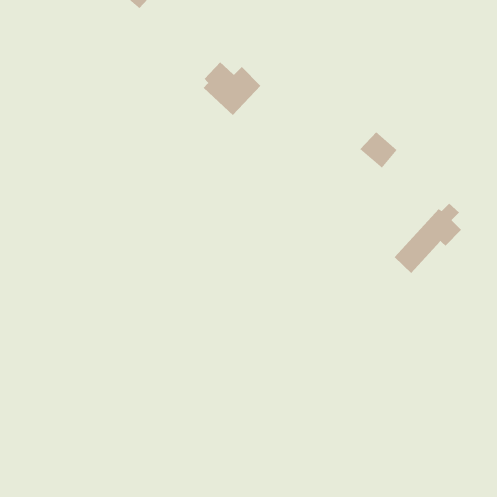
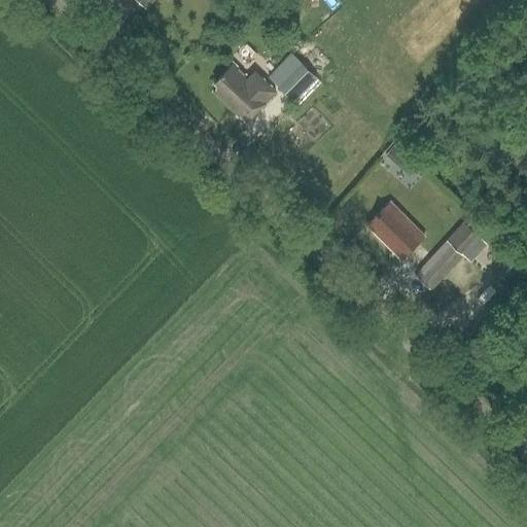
building: none -> [269,51,322,103]
building: none -> [372,204,424,260]

